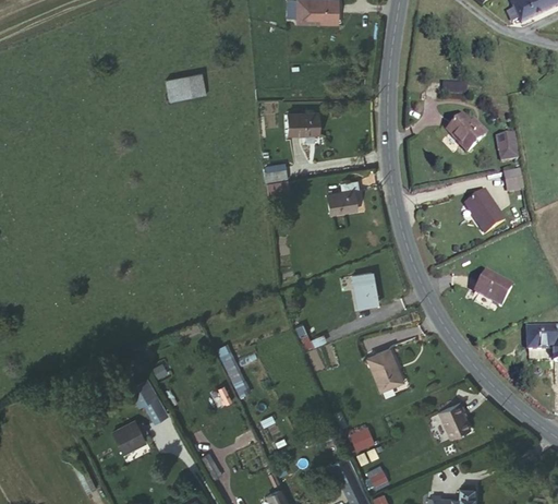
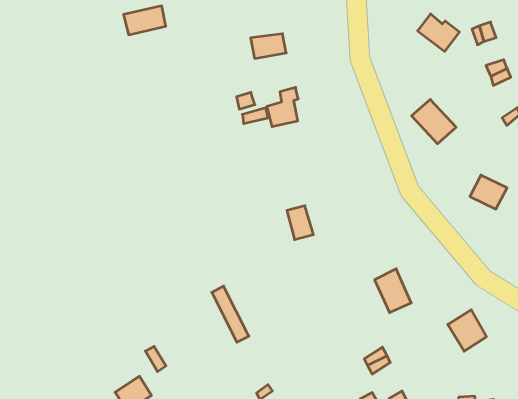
building: [327,180,357,214] -> [267,87,298,127]
building: [466,190,507,232] -> [412,99,456,144]
building: [352,272,374,302] -> [287,206,313,240]

